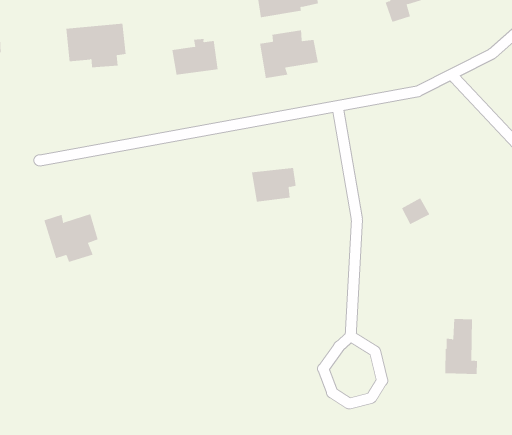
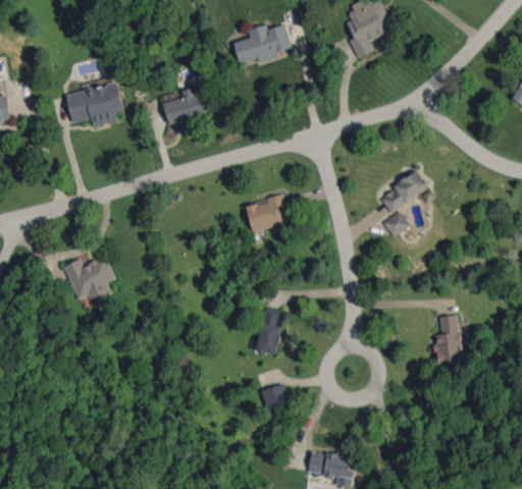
building: [260,29,318,79] -> none
building: none -> [379,170,427,212]
building: none -> [258,307,280,354]
building: none -> [262,383,289,410]

